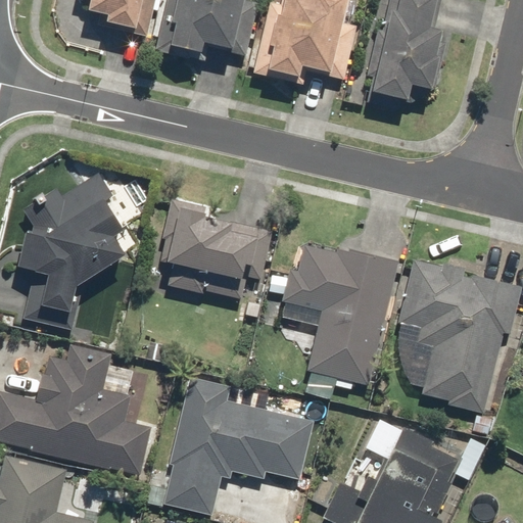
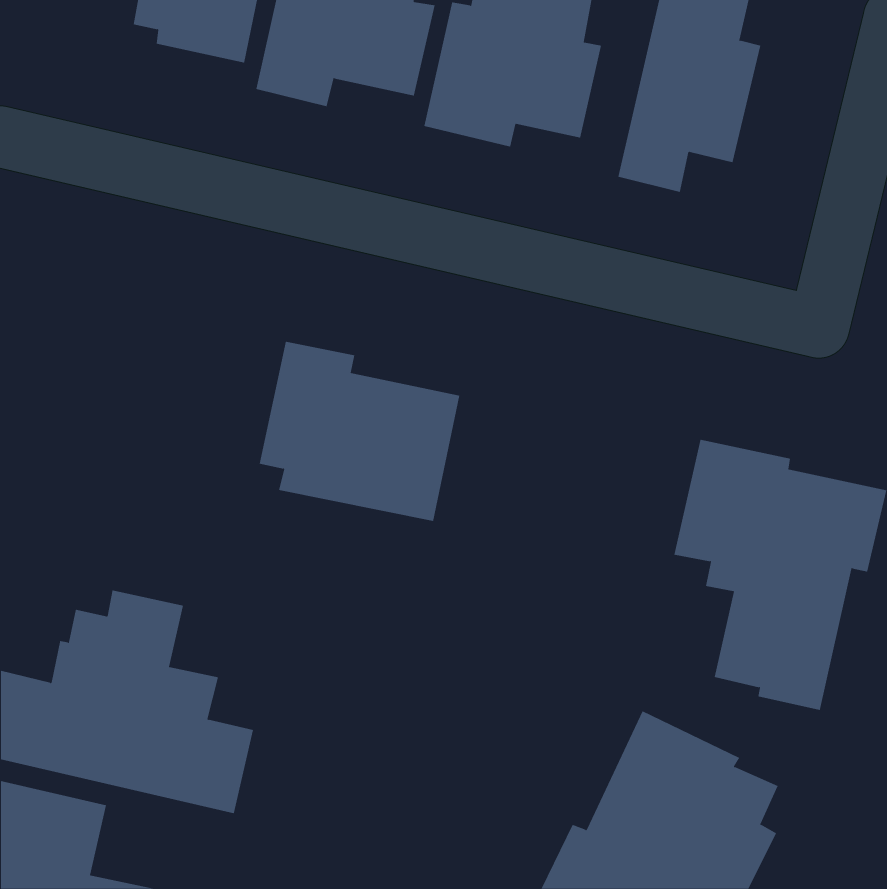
building: [11,172,131,330] -> none
building: [278,239,397,387] -> none
building: [161,376,314,515] -> none

